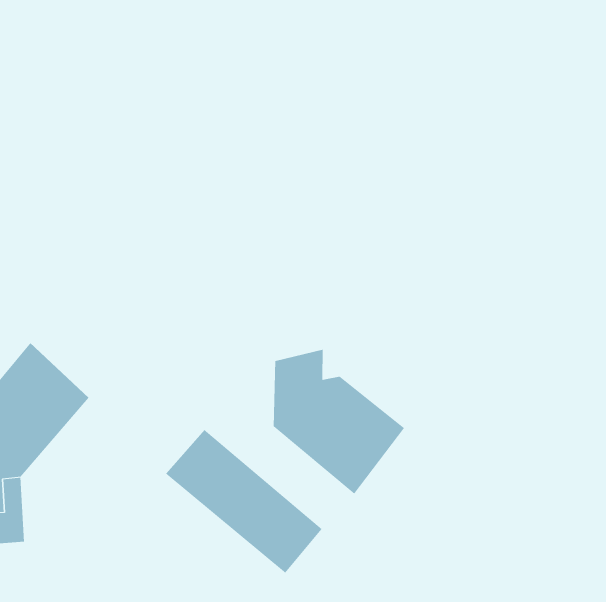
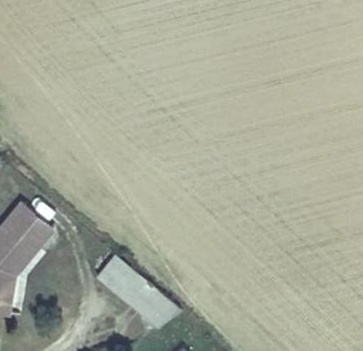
building: [273,349,405,494] -> none

